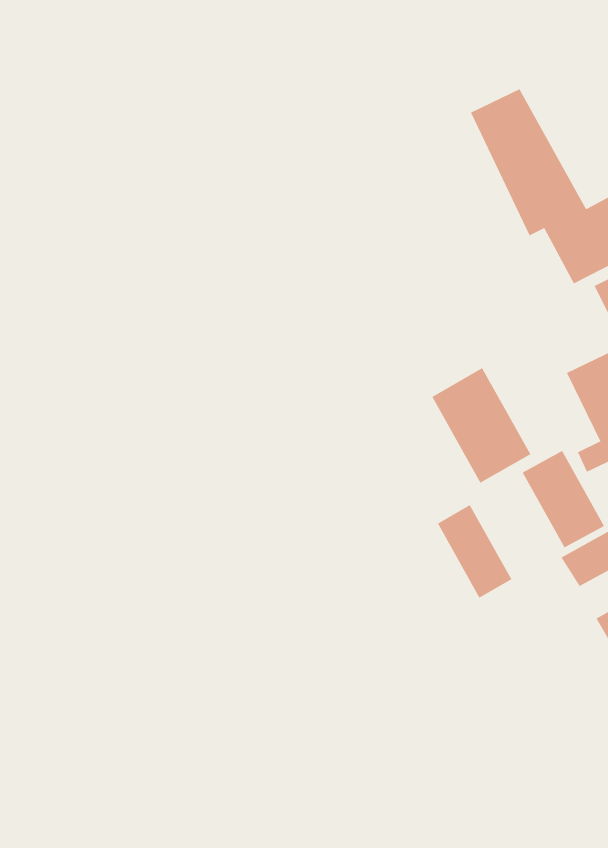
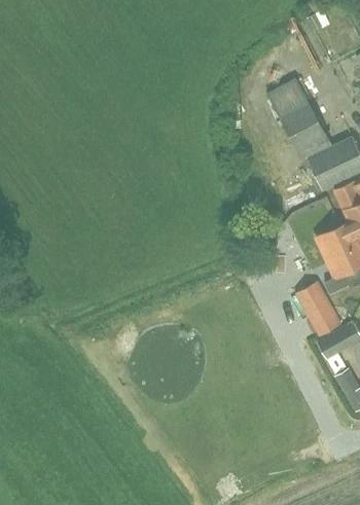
building: [431,367,531,484] -> none
building: [437,504,512,599] -> none

